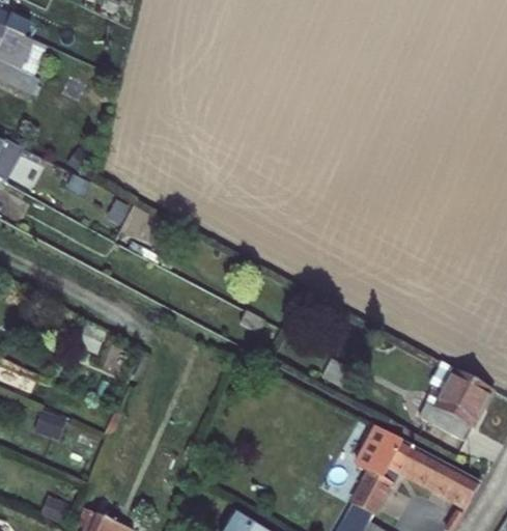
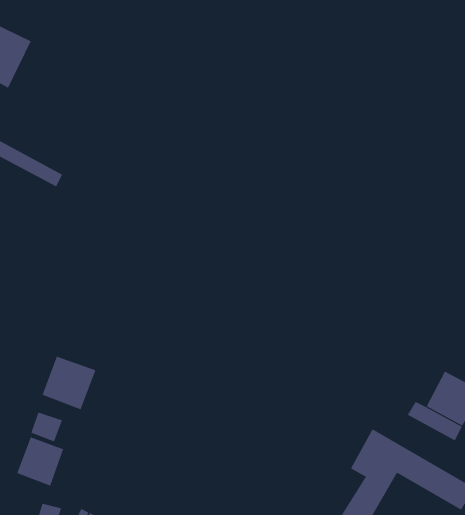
building: none -> [42,356,96,410]
building: none -> [17,437,64,487]

